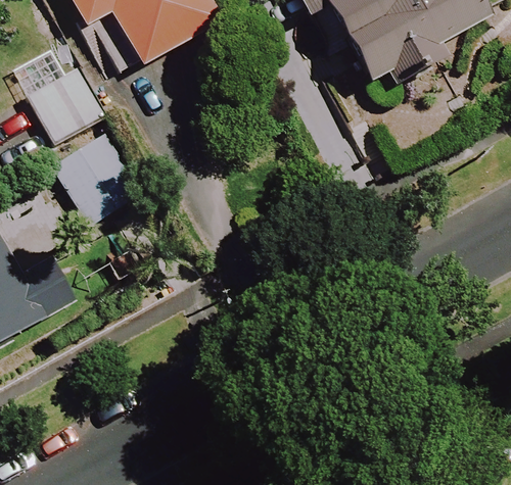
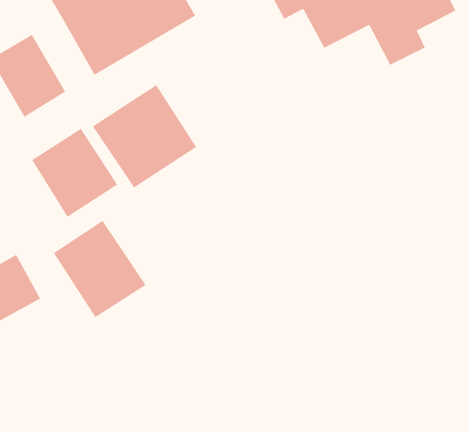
building: none -> [92,84,197,189]
building: none -> [53,220,146,318]

